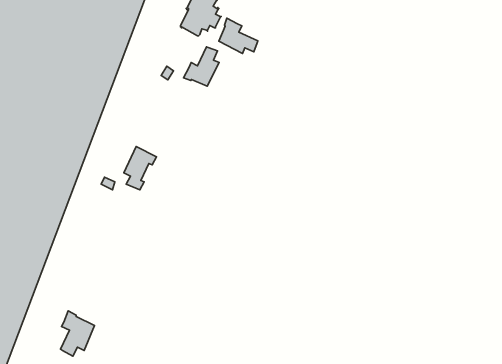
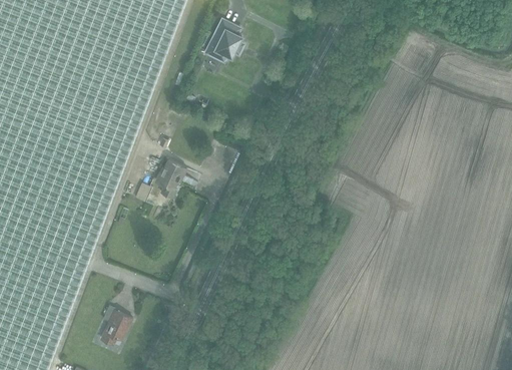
building: [219,18,258,53] -> none
building: [183,47,219,86] -> none

